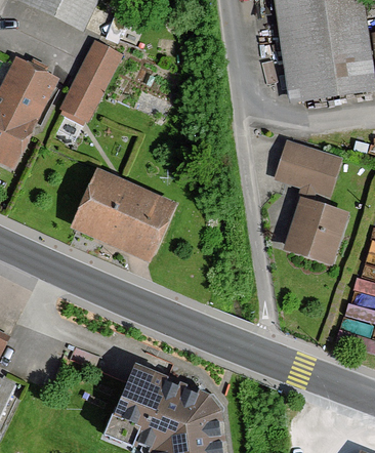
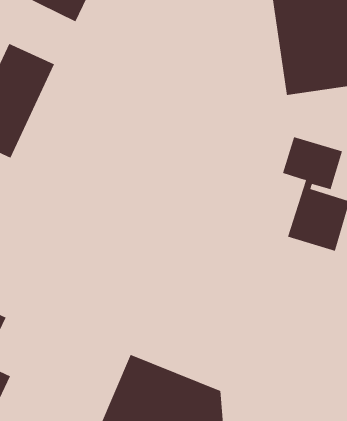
building: [55,42,120,128] -> none
building: [71,163,182,262] -> none

